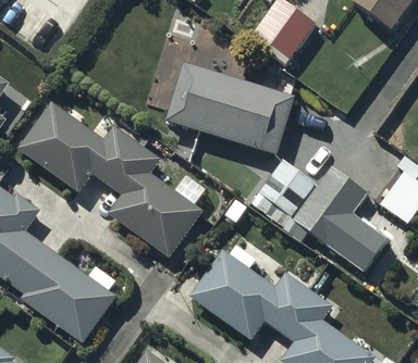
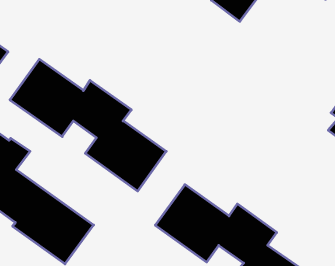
building: [167,64,295,155] -> none
building: [251,160,386,271] -> none

